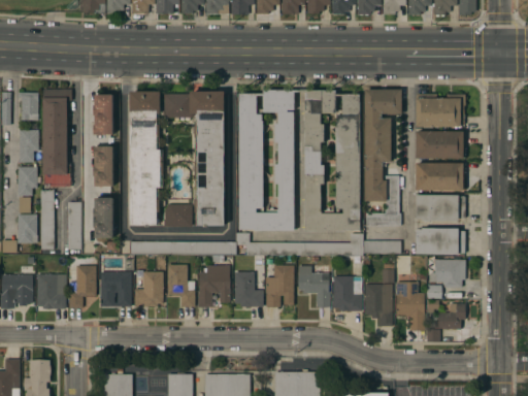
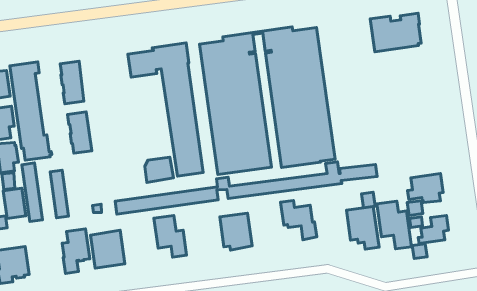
building: [364,90,401,226] -> none
building: [130,91,169,225] -> none
building: [416,131,465,159] -> none
building: [416,163,465,191] -> none
building: [416,195,465,221] -> none
building: [94,197,113,238] -> none
building: [416,228,465,255] -> none
building: [265,265,294,306] -> none
building: [198,266,230,306] -> none
building: [134,271,163,306] -> none
building: [37,274,66,308] -> none
building: [333,276,362,310] -> none

